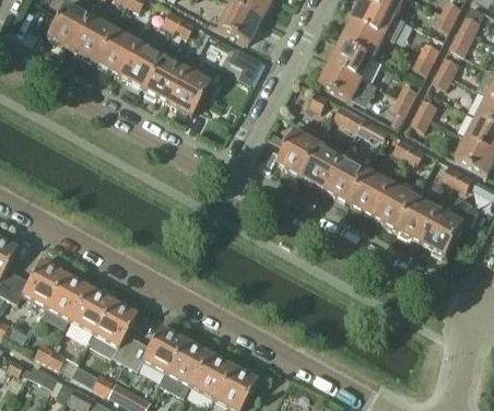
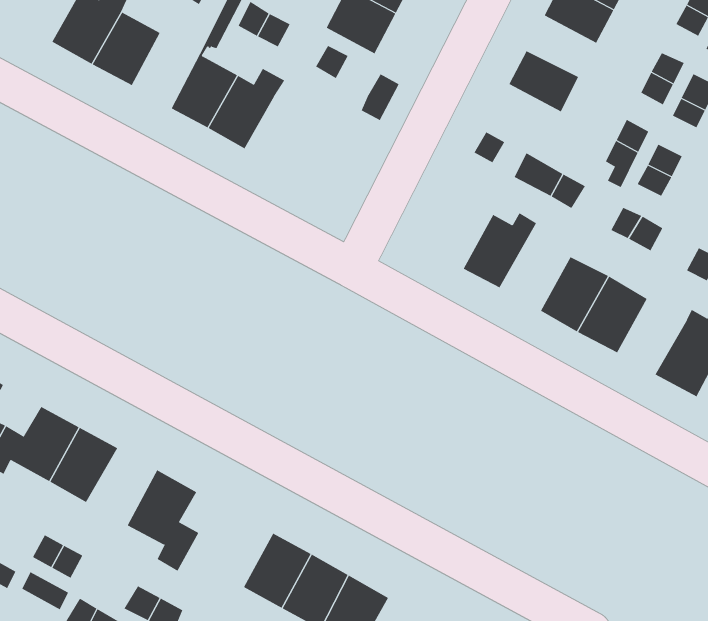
building: [341,19,385,57] -> none
building: [96,30,138,77] -> none
building: [319,61,363,99] -> none
building: [166,69,212,116] -> none
building: [277,120,325,176] -> none
building: [325,148,368,202] -> none
building: [398,195,440,242] -> none
building: [68,287,111,336] -> none
building: [125,327,184,374] -> none

